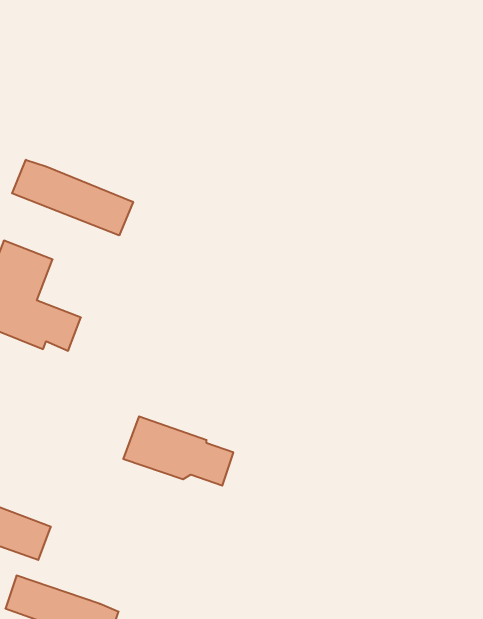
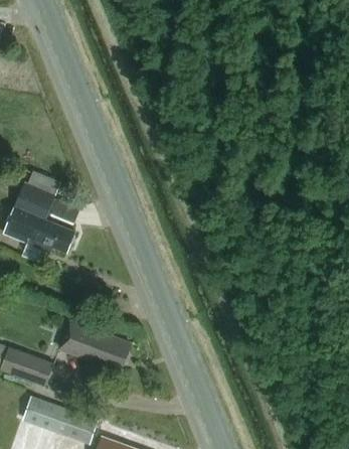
building: [12,160,133,235] -> none
building: [123,416,233,486] -> [58,321,129,365]

